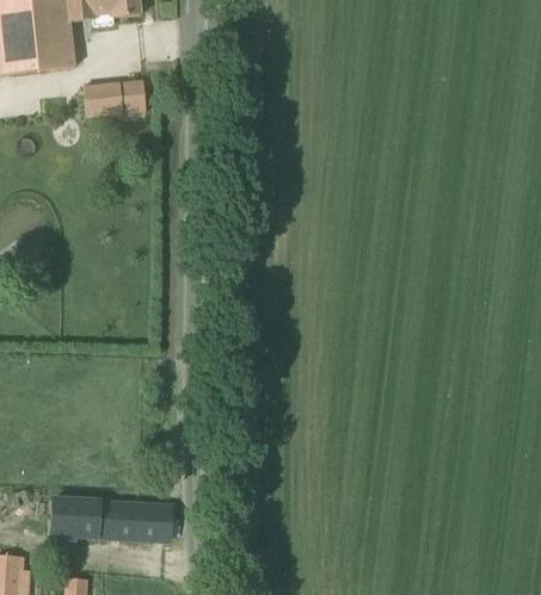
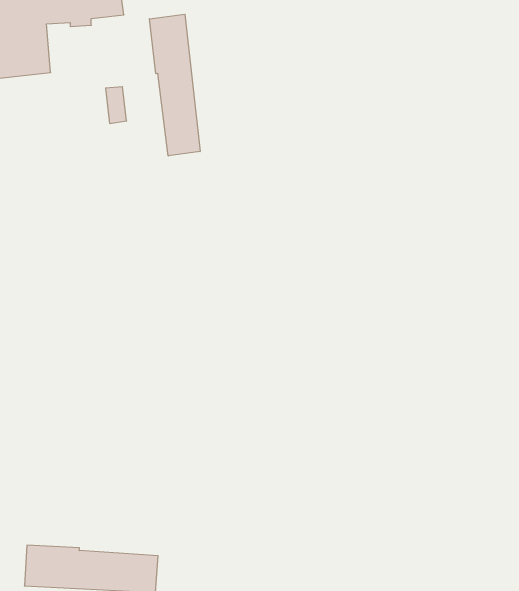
building: none -> [150,14,200,156]
building: [81,82,121,117] -> none

